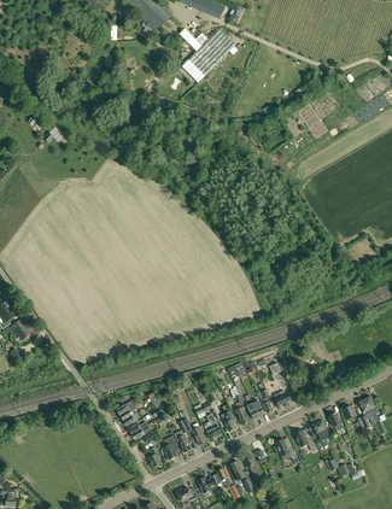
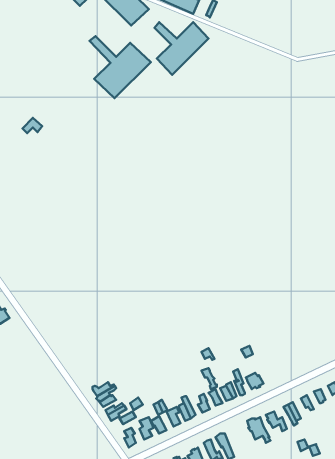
building: none -> [90,36,151,98]

